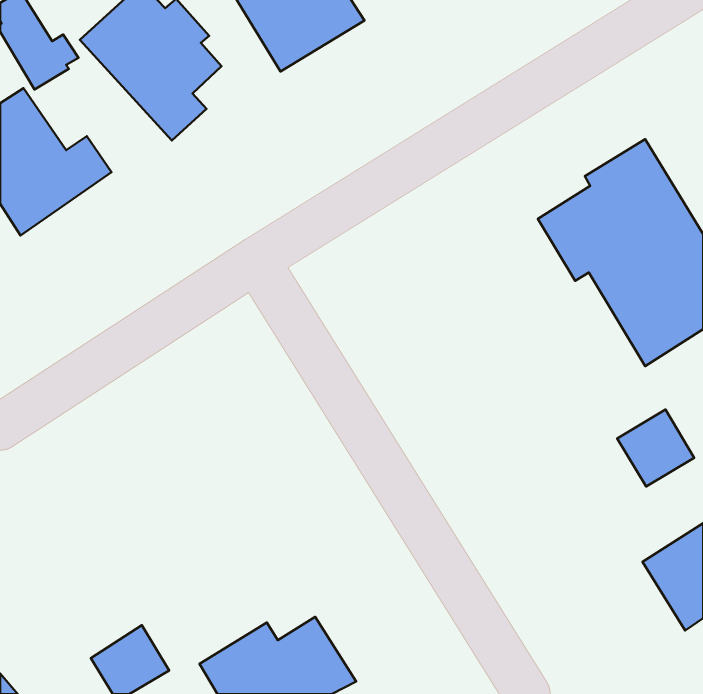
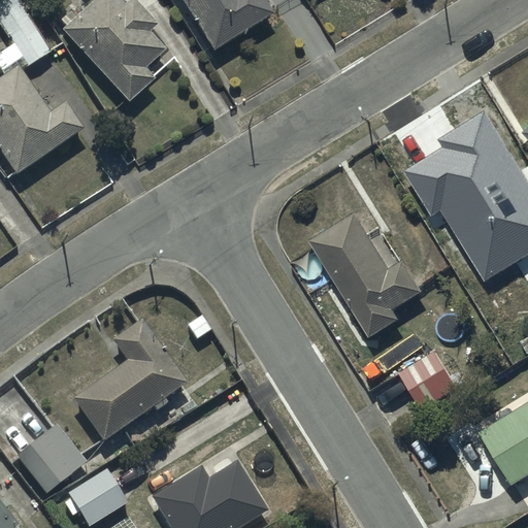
building: none -> [311,212,424,339]
building: [617,410,694,487] -> [400,351,458,408]
building: none -> [72,320,187,442]
building: none -> [13,423,86,494]

